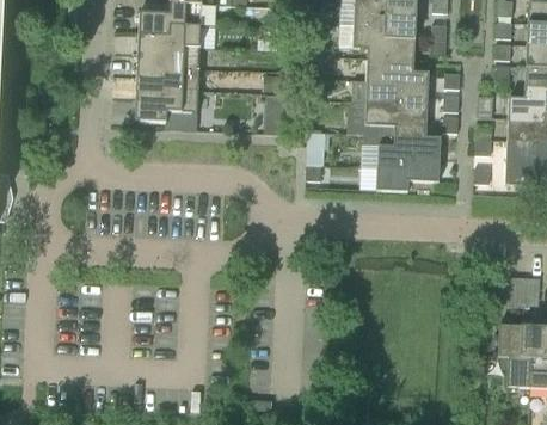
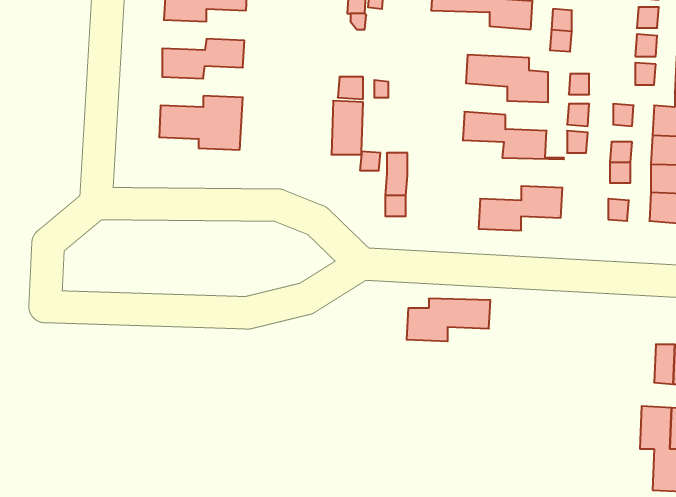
building: [136,23,199,54] -> none
building: [339,24,414,60] -> none
building: [135,66,197,97] -> none
building: [364,79,428,115] -> none
building: [376,135,440,167] -> [407,299,490,341]

